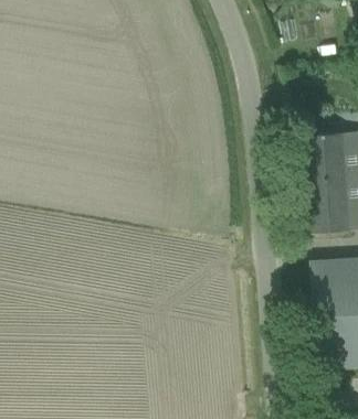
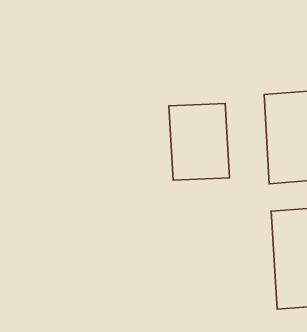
building: none -> [169,104,230,180]

